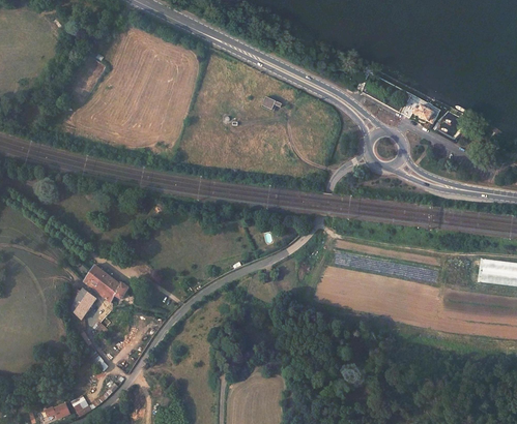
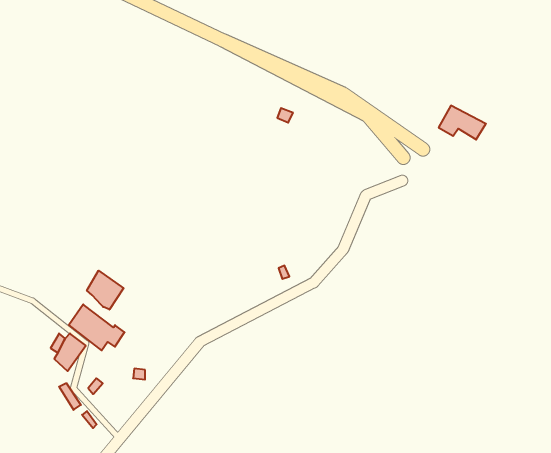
building: none -> [87,271,124,310]

